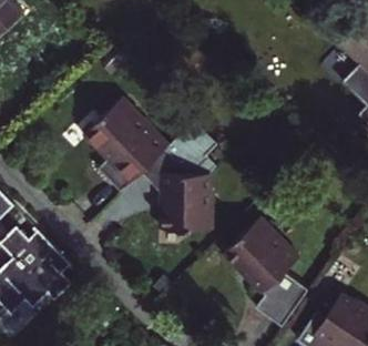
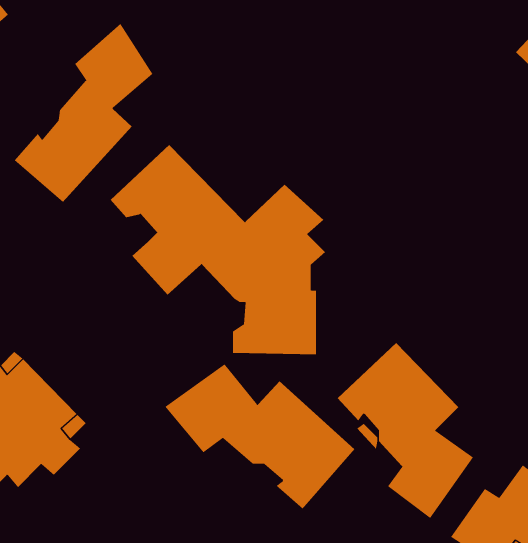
building: none -> [14,23,153,203]
building: none -> [165,364,355,509]

